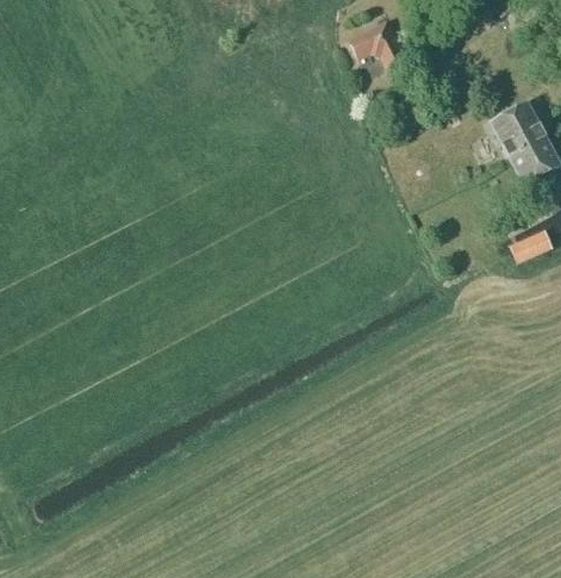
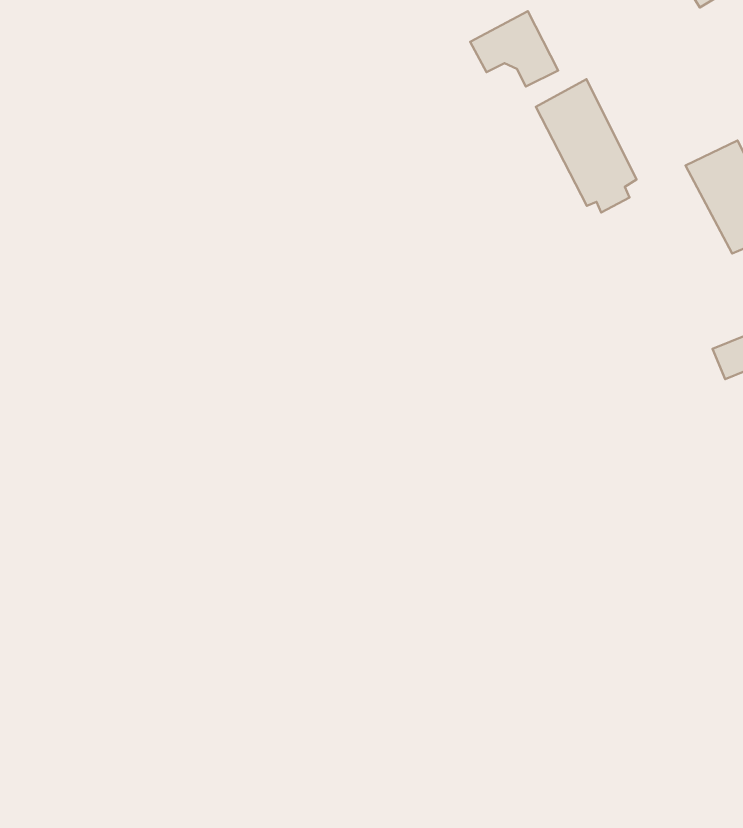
building: none -> [536,79,636,212]

